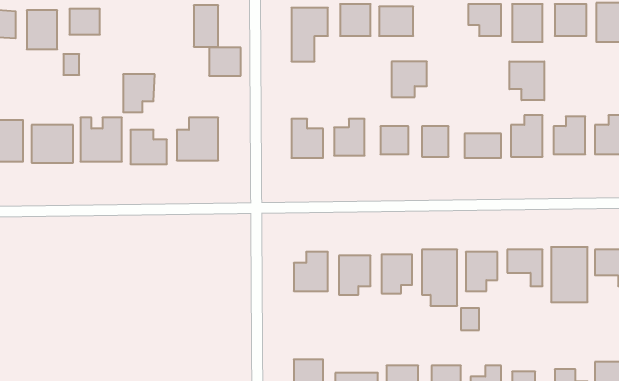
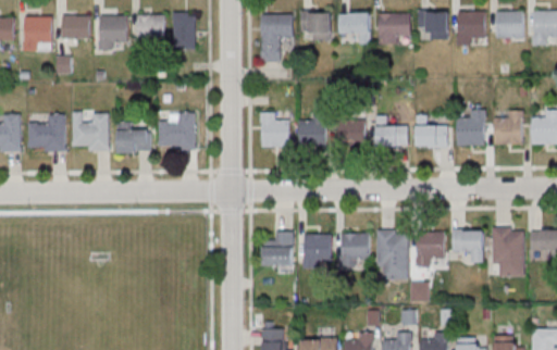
building: [209,48,241,76] -> [136,14,164,39]
building: [509,61,544,100] -> none
building: [392,62,427,97] -> [379,13,410,45]
building: [123,74,155,112] -> [99,15,127,49]

